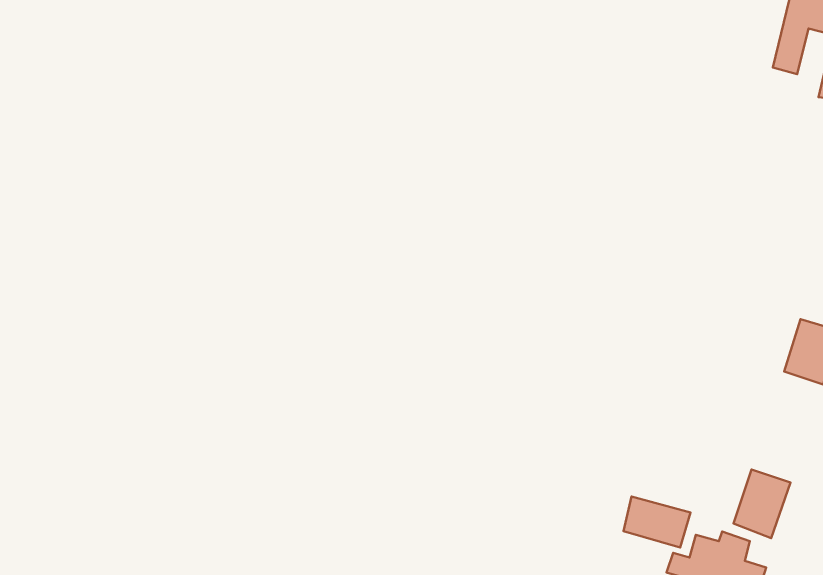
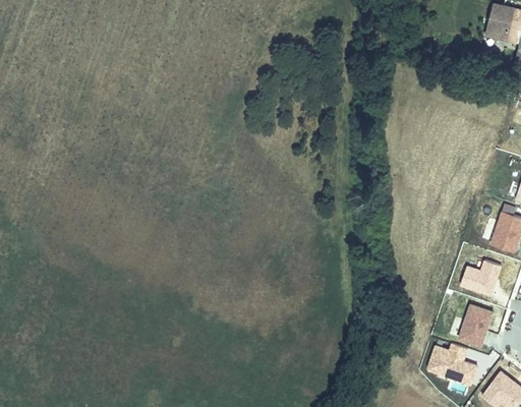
building: none -> [460,259,503,296]
building: [624,496,690,548] -> none

